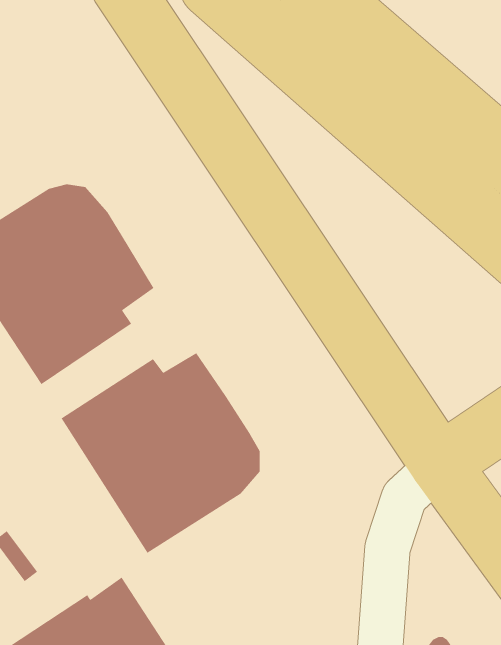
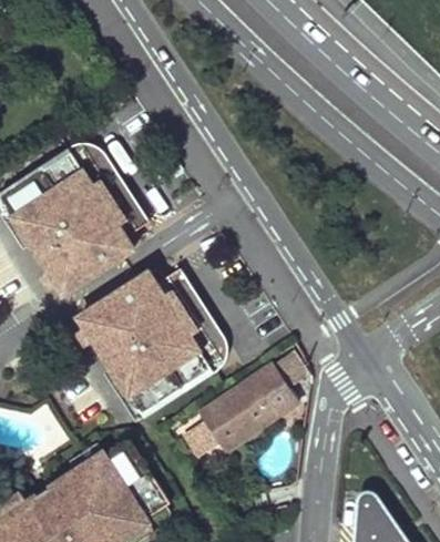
building: none -> [197,354,296,453]

